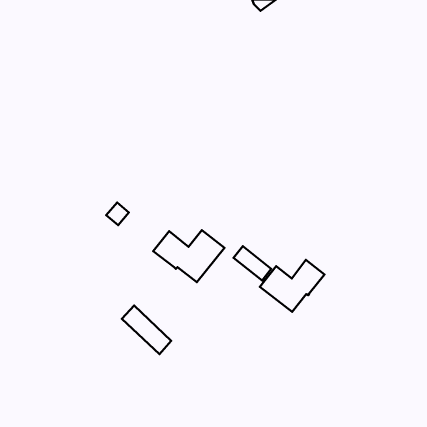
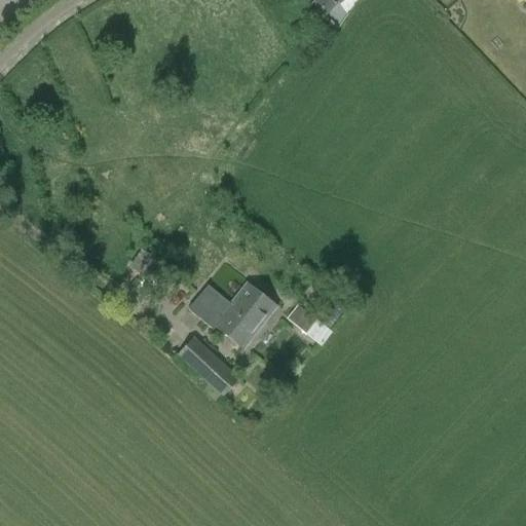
building: [260,260,325,312] -> none
building: [122,306,171,354] -> [178,336,238,396]

